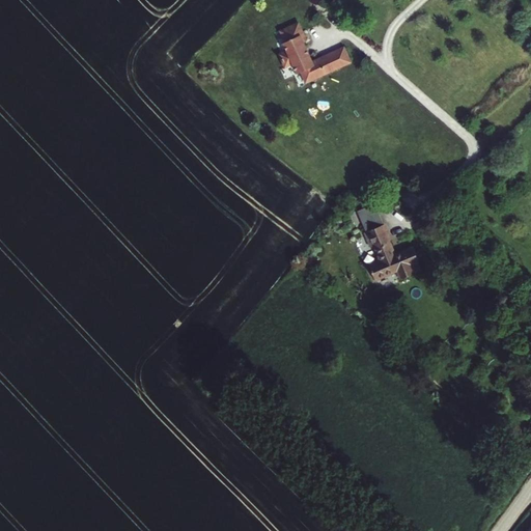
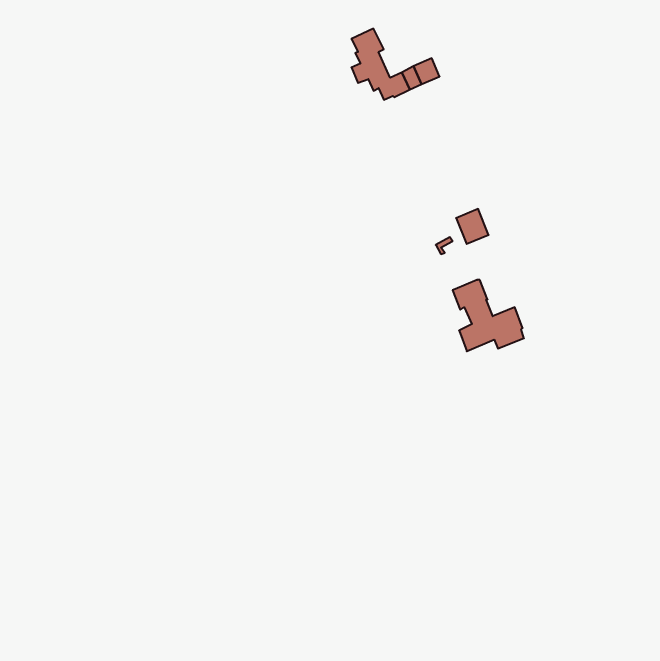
building: [356,204,382,232] -> [456,209,489,244]

